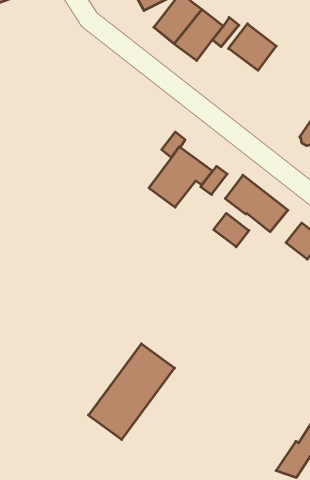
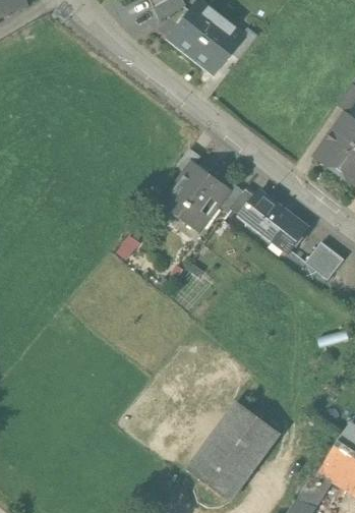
building: [228,24,276,70] -> none
building: [214,213,249,247] -> none
building: [88,344,175,440] -> [192,399,282,499]

